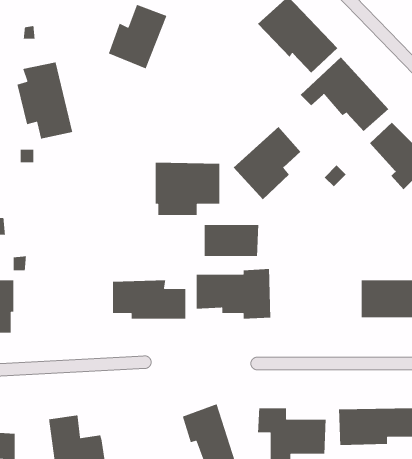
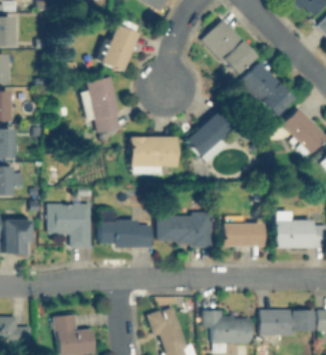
building: [17,61,73,139] -> [82,76,122,131]
building: [204,224,259,257] -> [224,222,263,245]
building: none -> [49,203,92,246]

